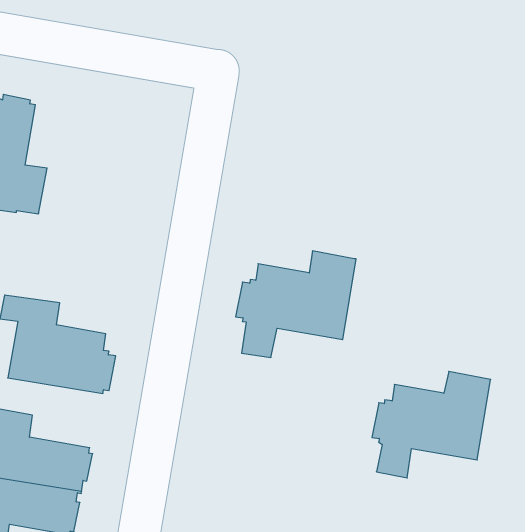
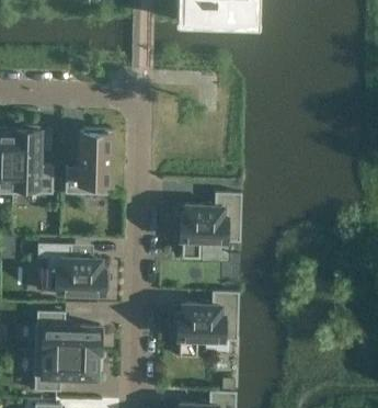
building: none -> [65,129,112,195]
building: [372,371,491,478] -> [173,292,238,358]

